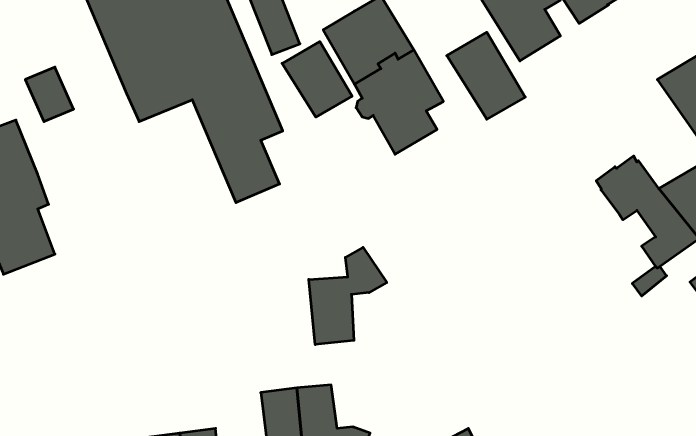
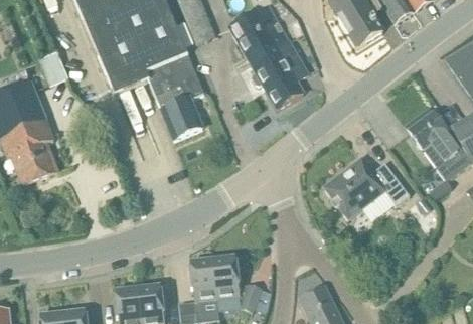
building: [447,32,525,119] -> none
building: [282,42,352,117] -> none
building: none -> [324,158,410,217]
building: [309,247,387,345] -> none

